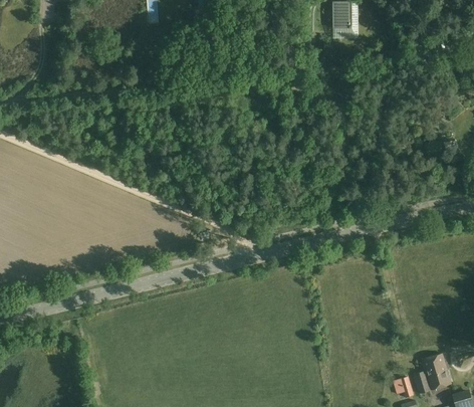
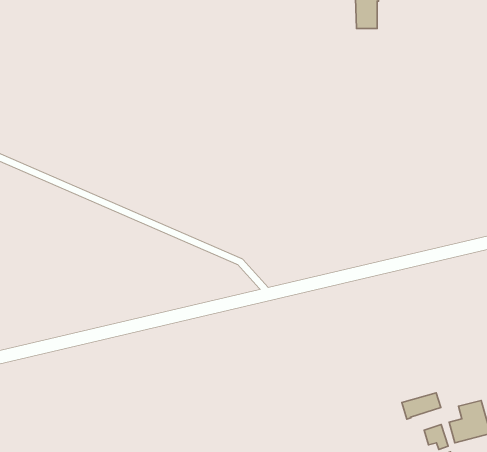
building: none -> [402,393,441,419]

